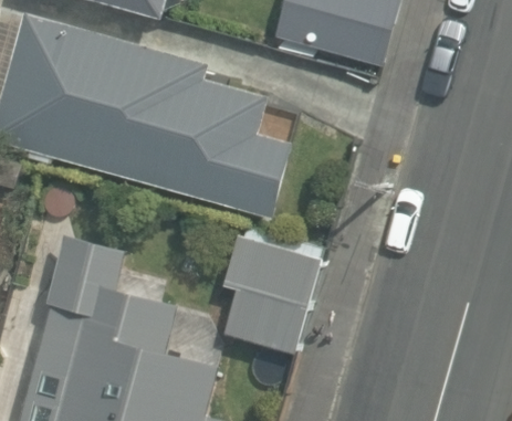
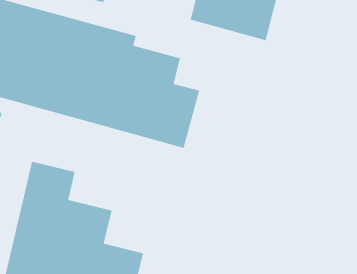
building: [220,231,321,352] -> none

